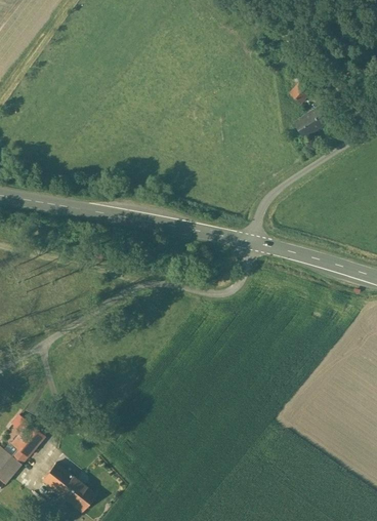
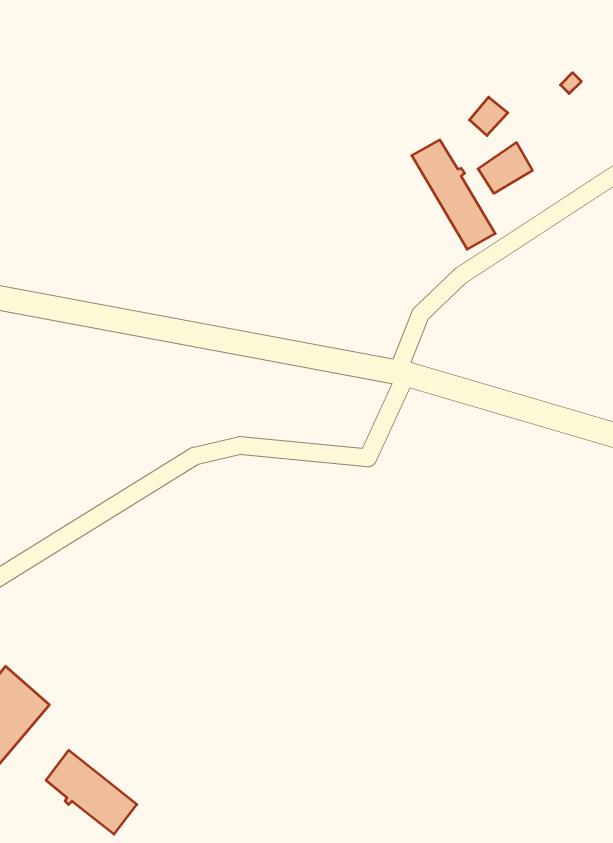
building: none -> [412,140,495,249]

